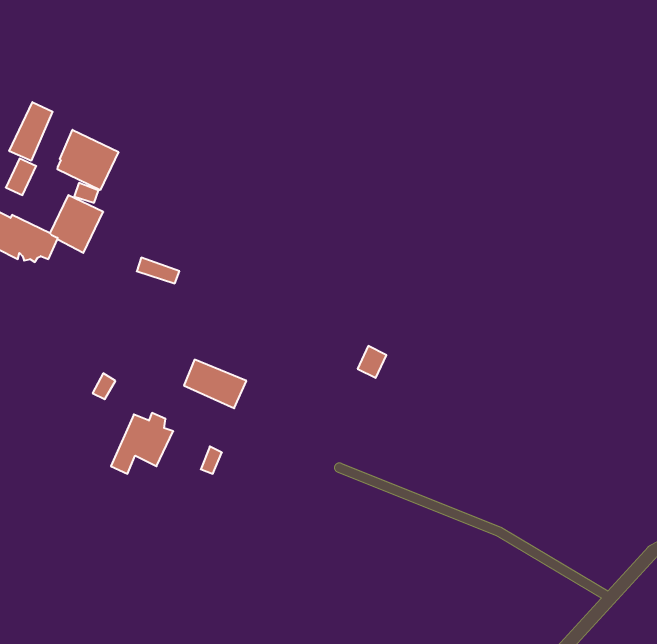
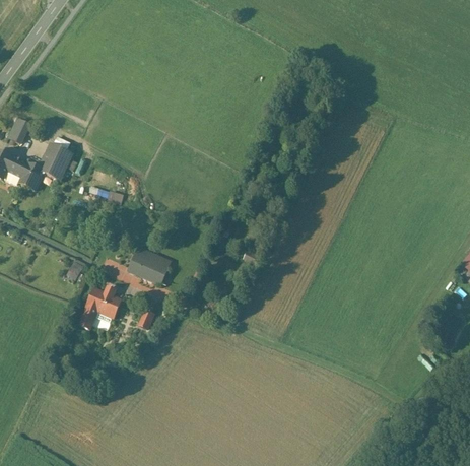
building: [9,102,53,161] -> none
building: [57,130,118,190] -> none

